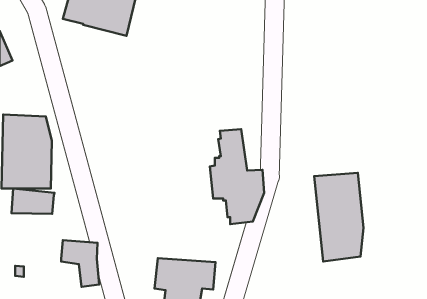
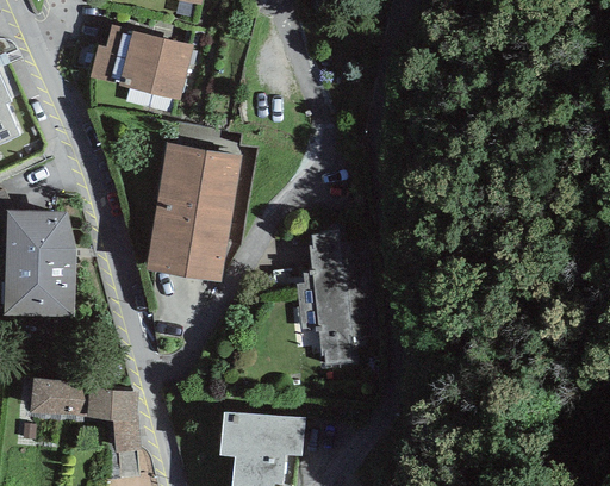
building: none -> [147,143,242,281]
building: [314,173,363,261] -> none
building: [11,188,55,214] -> [31,378,92,413]

